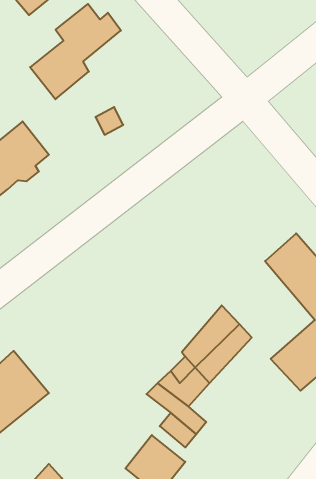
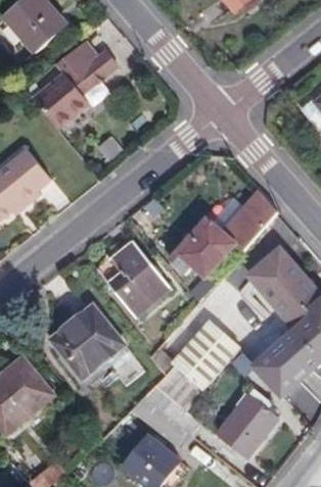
building: none -> [171,188,276,275]
building: none -> [106,248,160,318]
building: none -> [50,307,123,380]
building: none -> [215,394,278,458]

